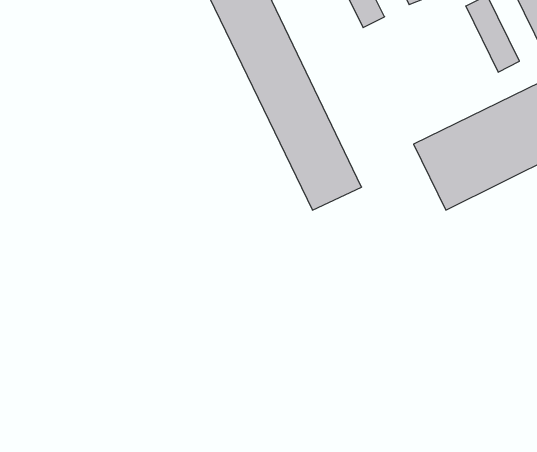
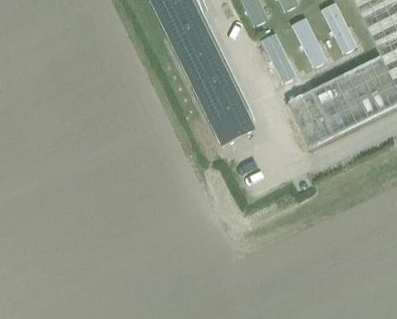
building: none -> [291,18,328,68]
building: none -> [261,33,297,84]

